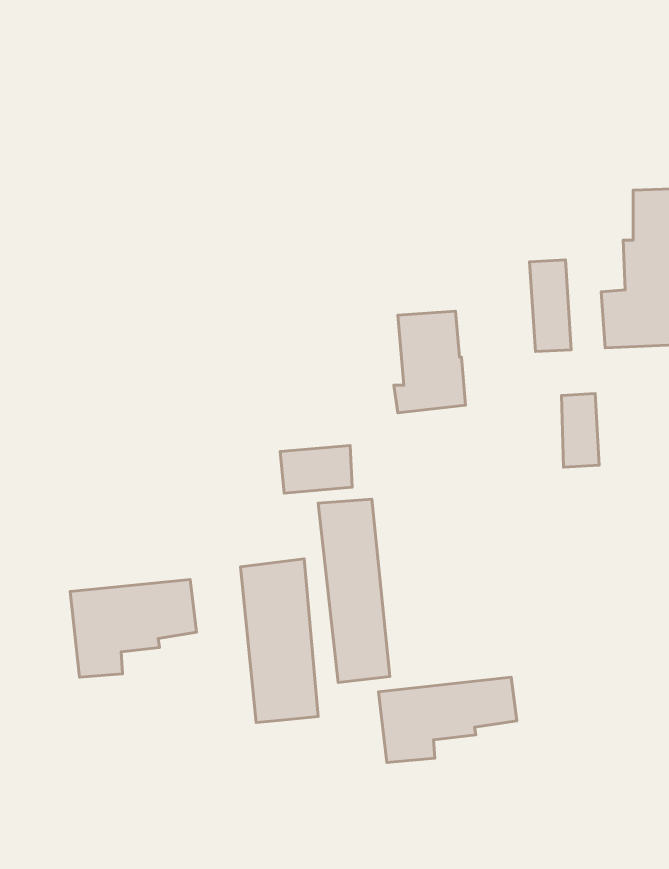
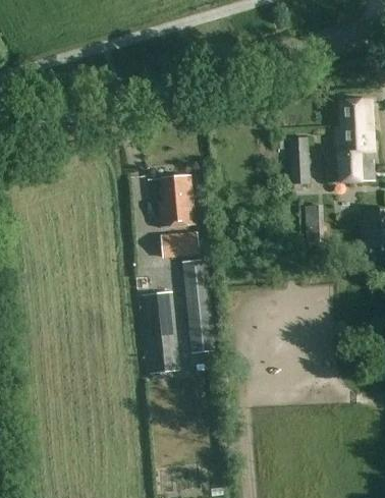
building: [394,311,466,413] -> [159,175,196,227]
building: [70,580,196,677] -> none
building: [378,677,517,763] -> none

